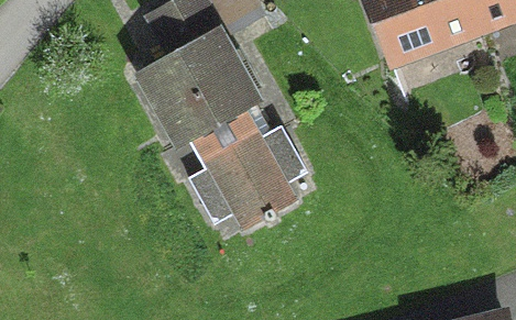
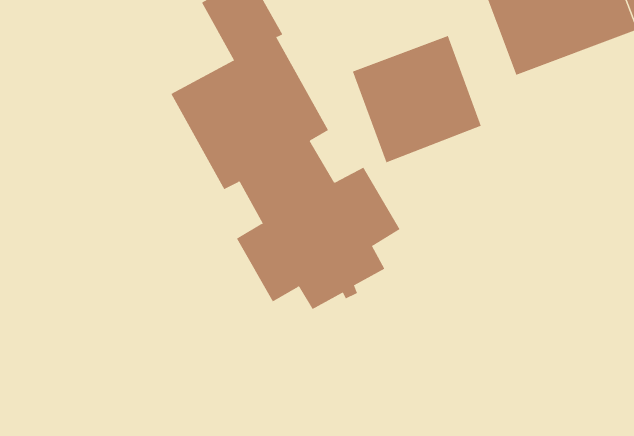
building: none -> [352,35,482,163]

